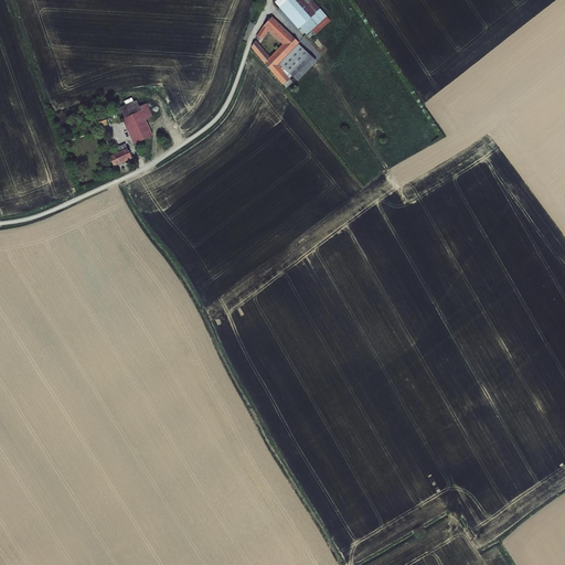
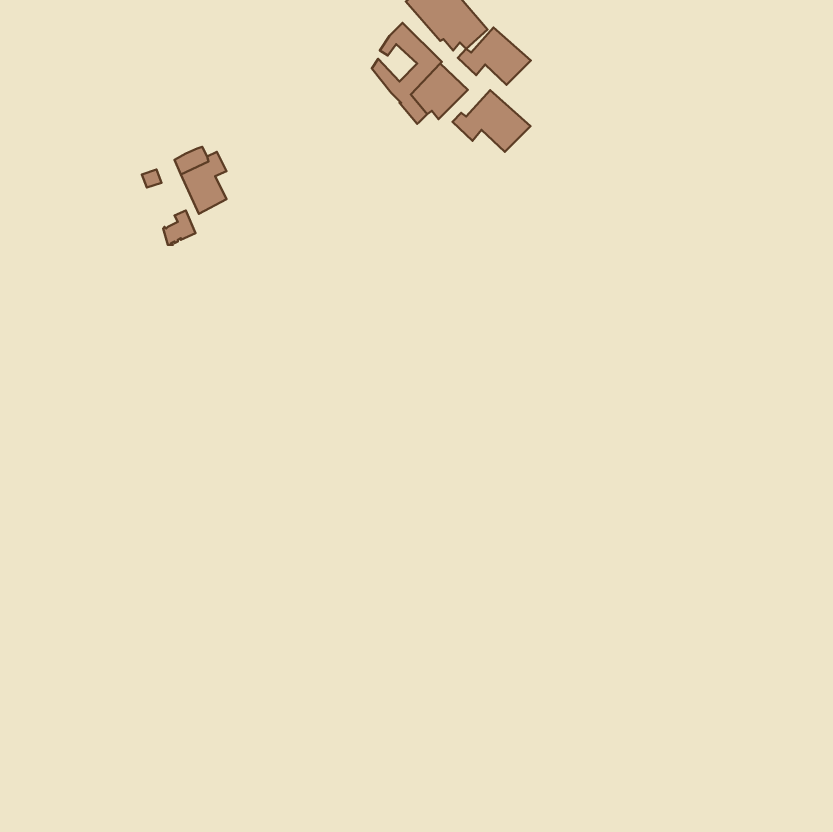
building: none -> [458,27,531,85]
building: none -> [452,90,530,152]

